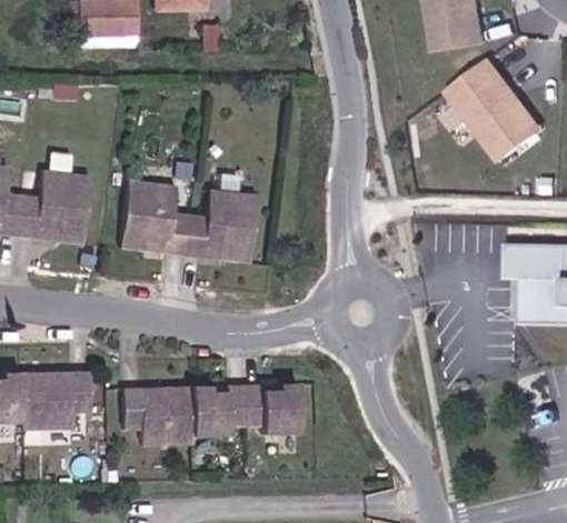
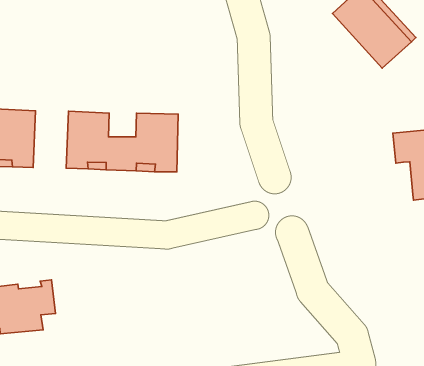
building: [121,385,298,446] -> none

